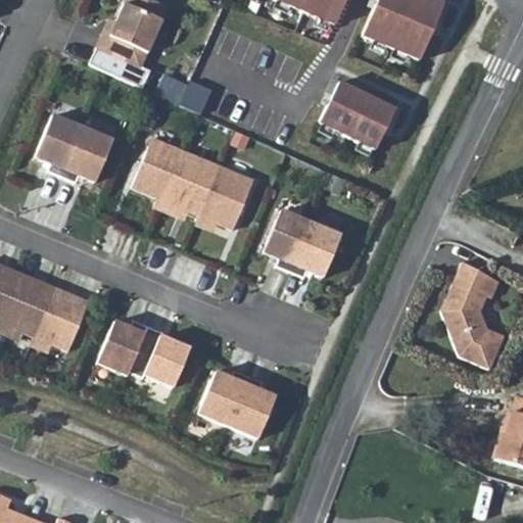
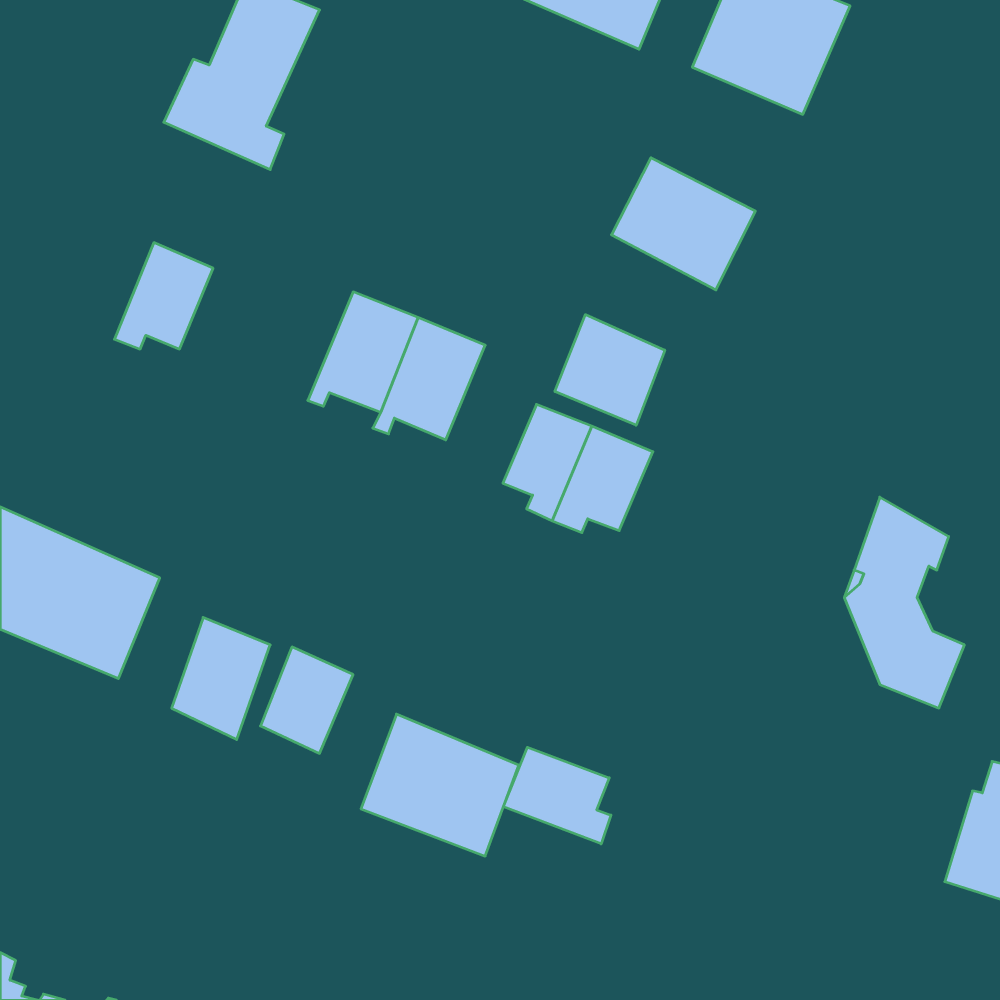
building: [158,72,211,110] -> none
building: [37,113,84,176] -> none
building: [134,137,187,207] -> none
building: none -> [555,315,665,425]
building: none -> [503,747,611,844]

